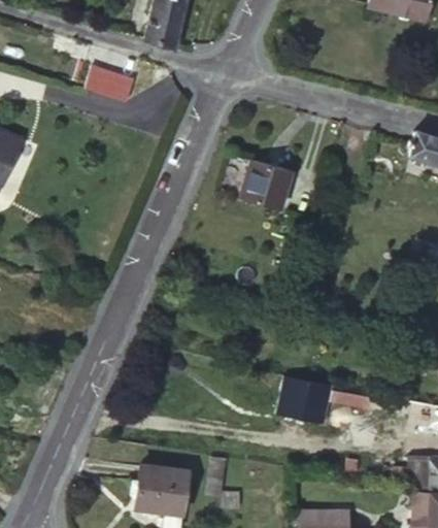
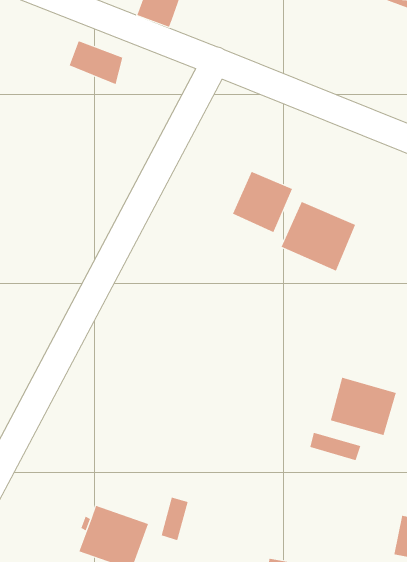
building: none -> [281,201,356,271]
building: none -> [330,377,397,436]
building: [294,383,332,416] -> none

